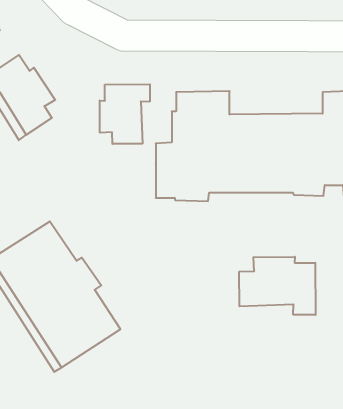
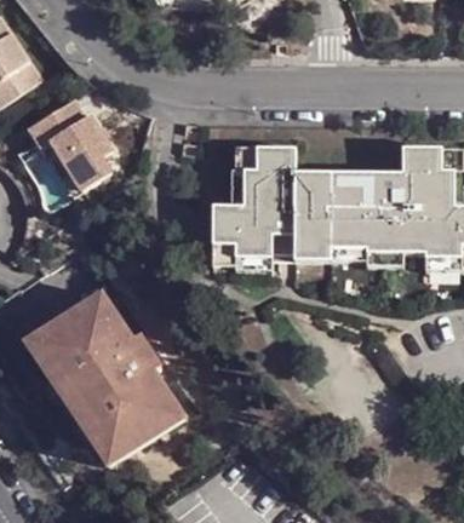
building: [100,84,150,144] -> none
building: [239,257,316,315] -> none

